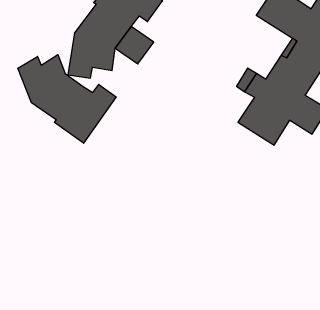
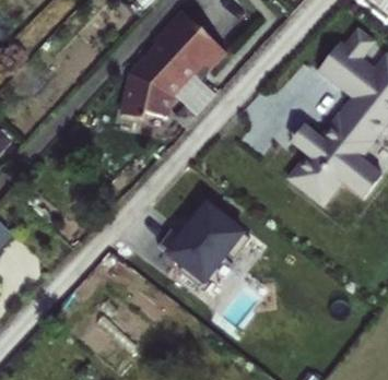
building: [18,55,116,143] -> none
building: none -> [155,206,248,290]

